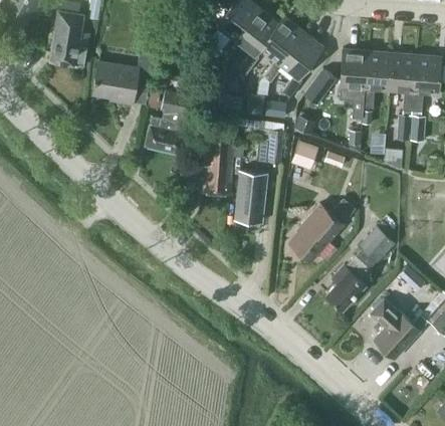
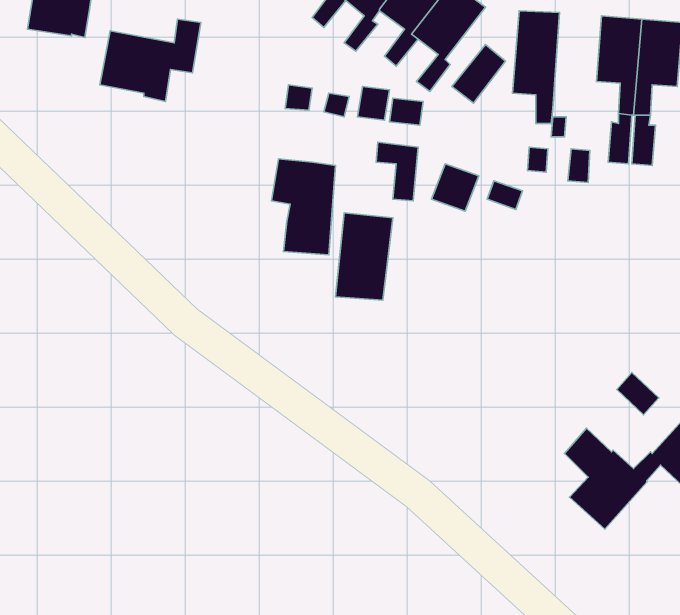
building: [363,50,392,109] -> none
building: [145,90,189,153] -> none
building: [289,198,356,260] -> none
building: [325,226,394,309] -> none

